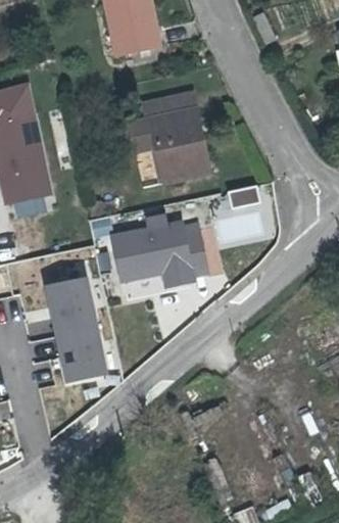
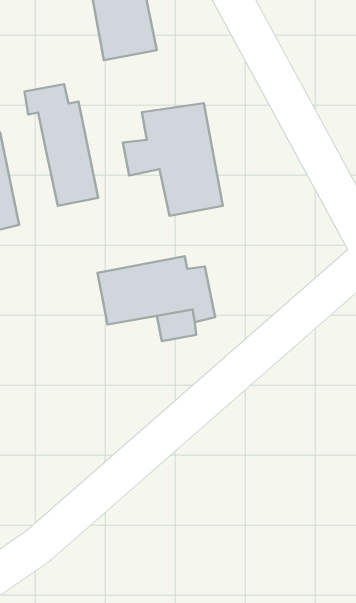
building: none -> [24,84,98,206]
building: [44,274,103,377] -> none

